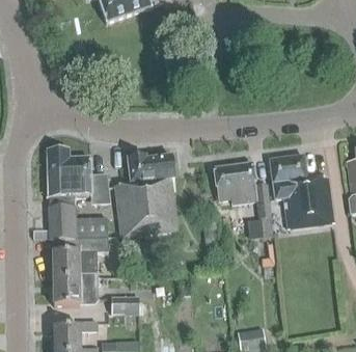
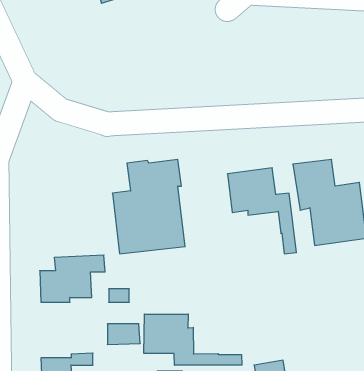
building: [47,148,109,240] -> none
building: [53,273,97,304] -> none
building: none -> [144,314,242,365]

